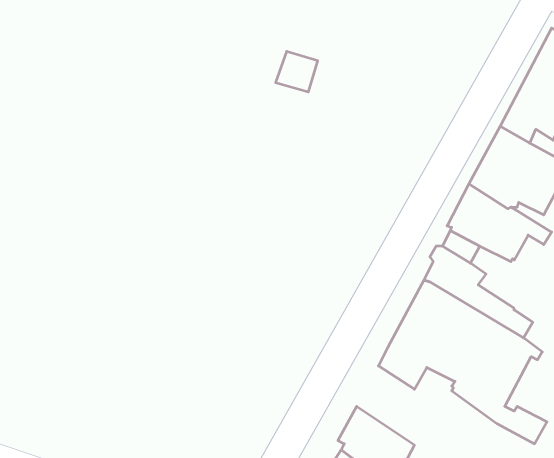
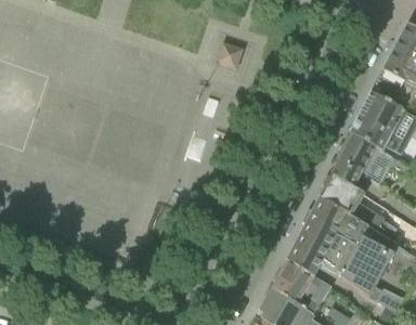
building: none -> [273,258,333,313]

